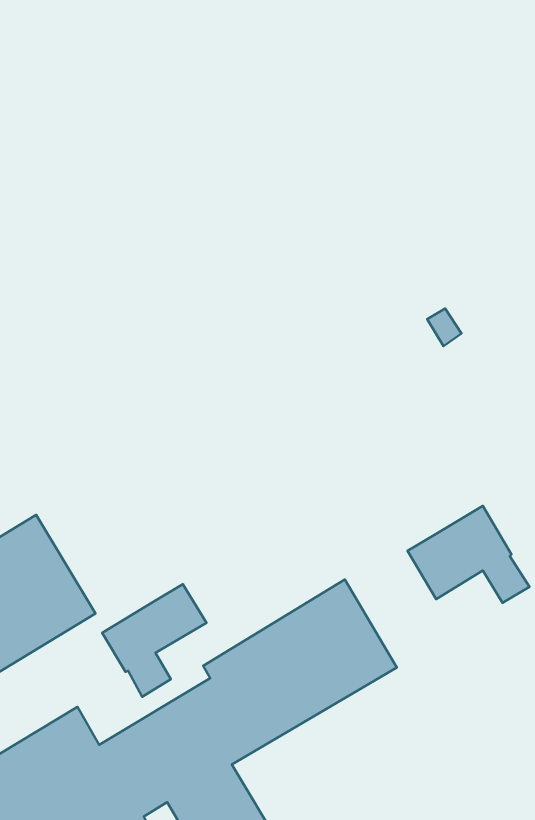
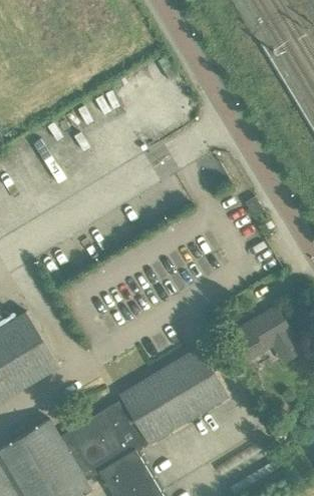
building: [102,584,206,697] -> none

